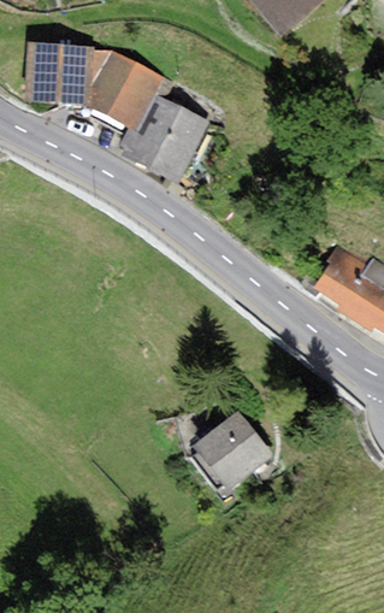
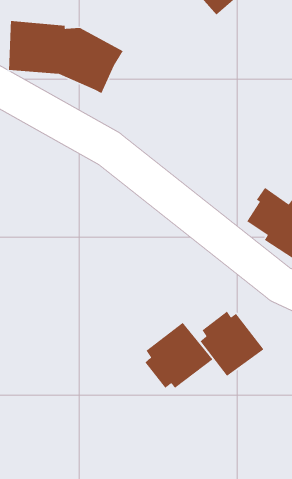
building: [117,95,208,179] -> none
building: none -> [199,311,264,377]

